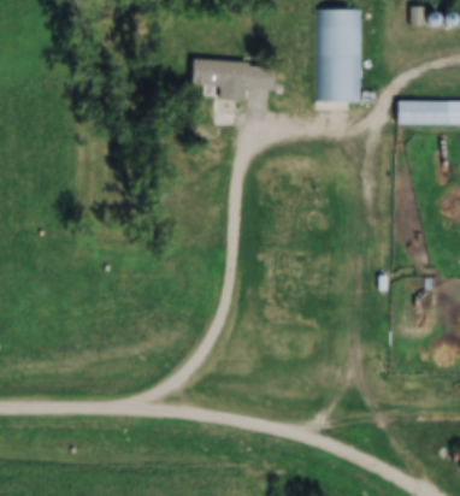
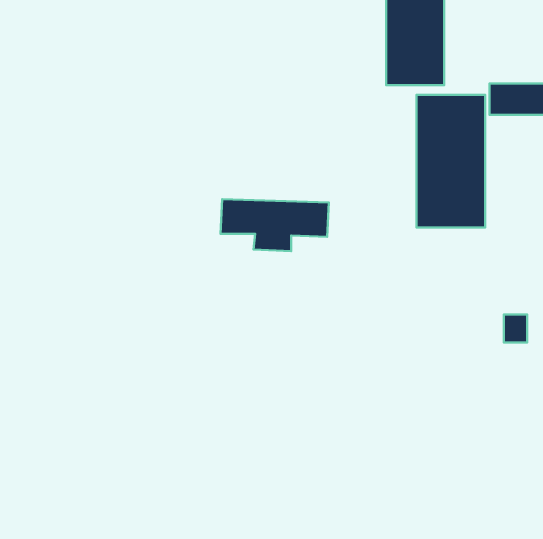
building: [191,61,275,101] -> [221,199,329,251]
building: none -> [416,95,485,227]

